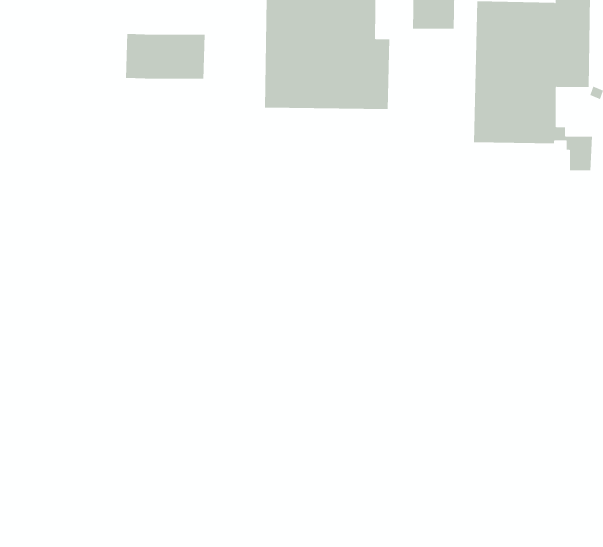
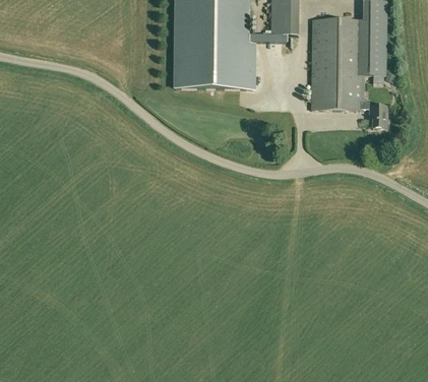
building: [126,33,205,80] -> none

